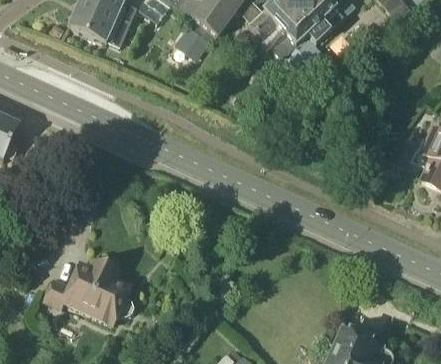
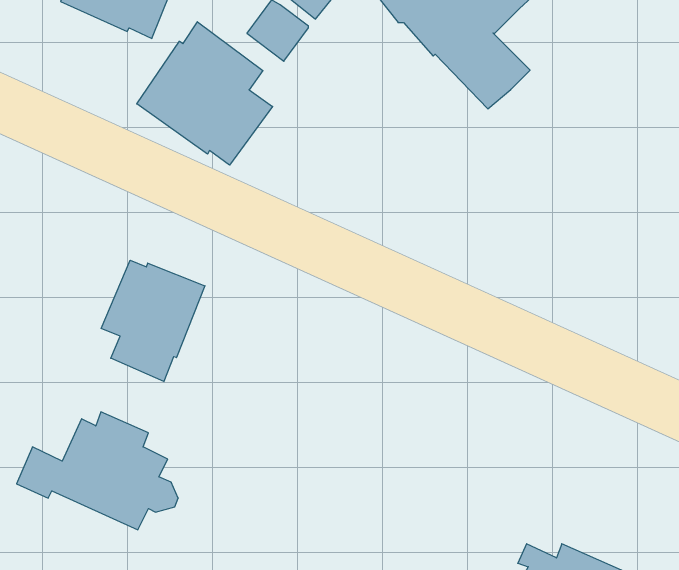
building: none -> [137,22,273,165]
building: none -> [101,260,205,382]

